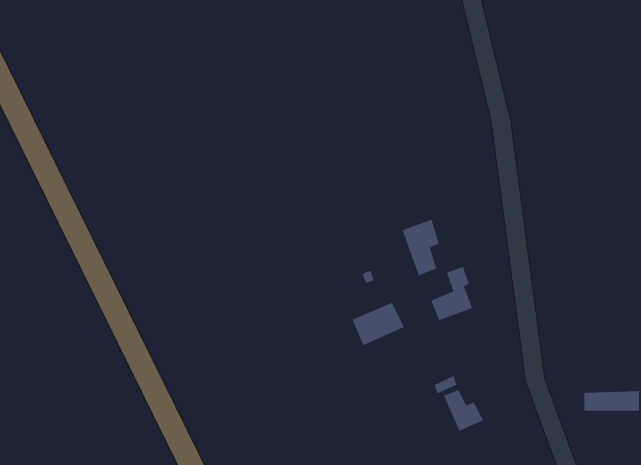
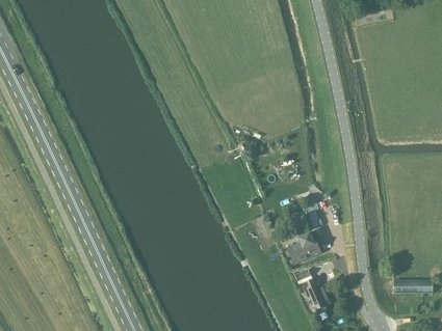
building: [402,219,440,276] -> none
building: [352,302,405,346] -> [289,235,324,264]

